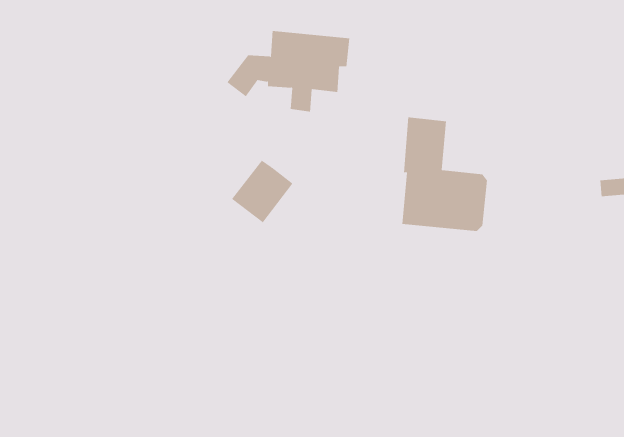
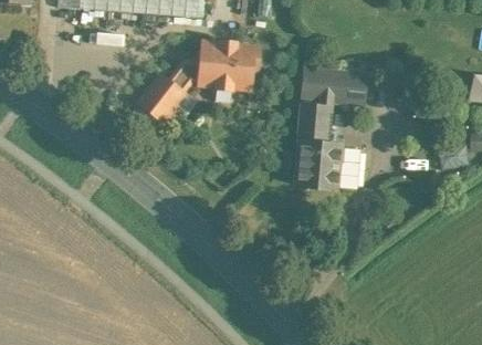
building: none -> [304,70,365,108]
building: [231,160,293,223] -> [139,74,185,121]

